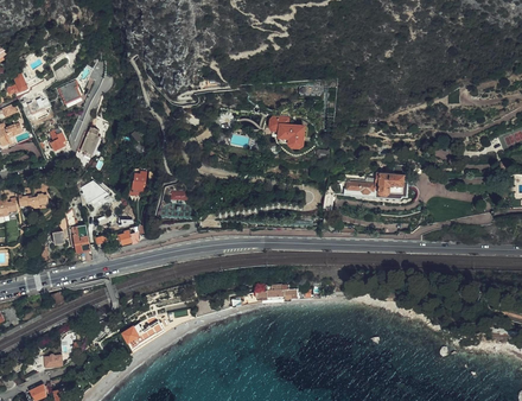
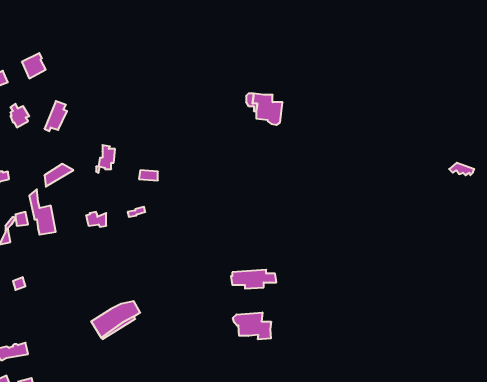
building: [342,168,407,198] -> none
building: none -> [233,312,271,339]

